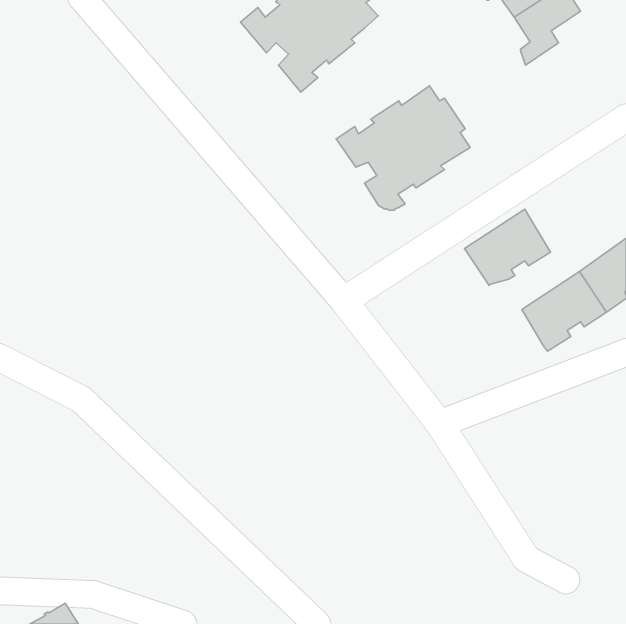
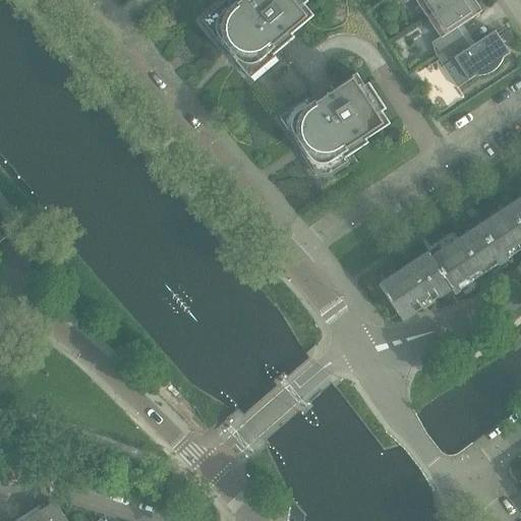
building: none -> [436,28,509,77]
building: [465,209,551,285] -> [380,251,451,314]

